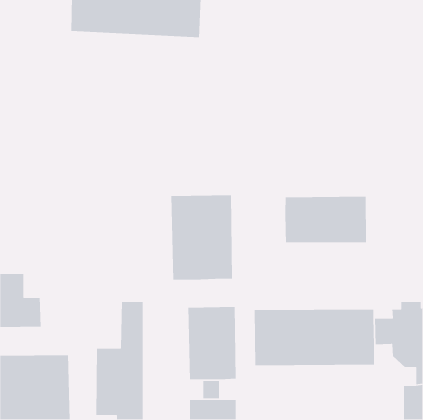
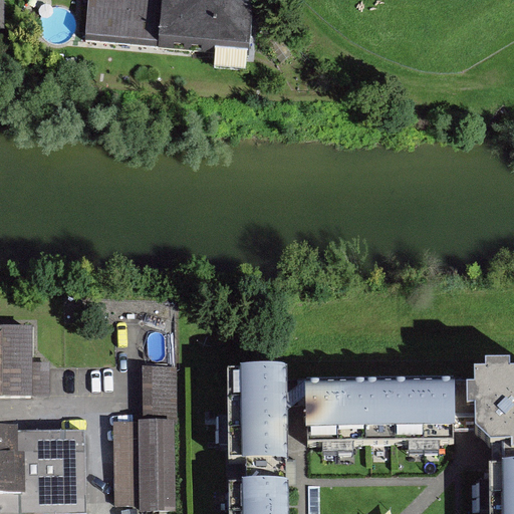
building: [171,194,233,280] -> none
building: [284,196,367,243] -> none

